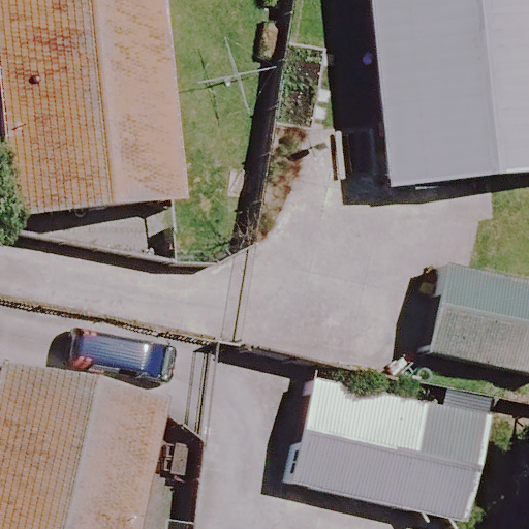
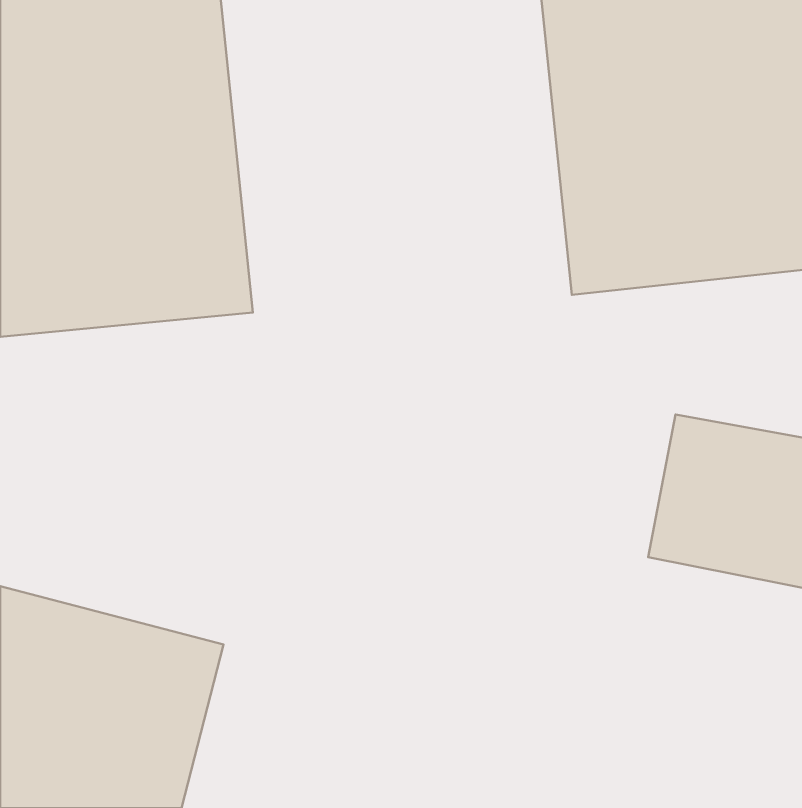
building: [295,370,489,511] -> none

